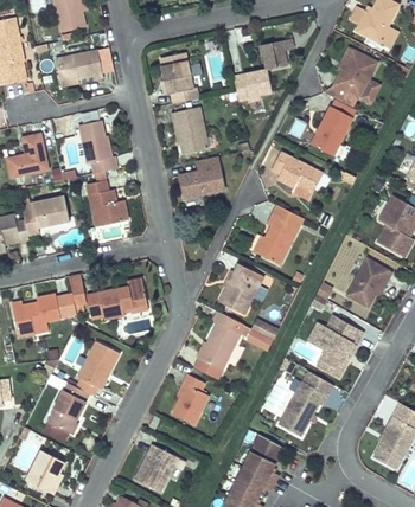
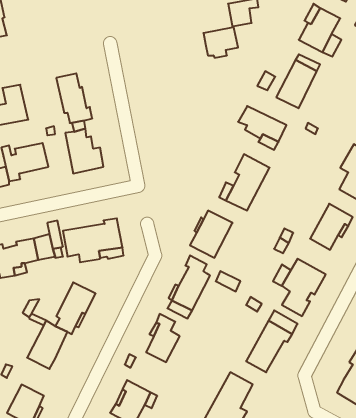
building: [55,49,103,82] -> none
building: [160,51,199,103] -> none
building: [173,107,209,154] -> none
building: [180,155,225,197] -> none

